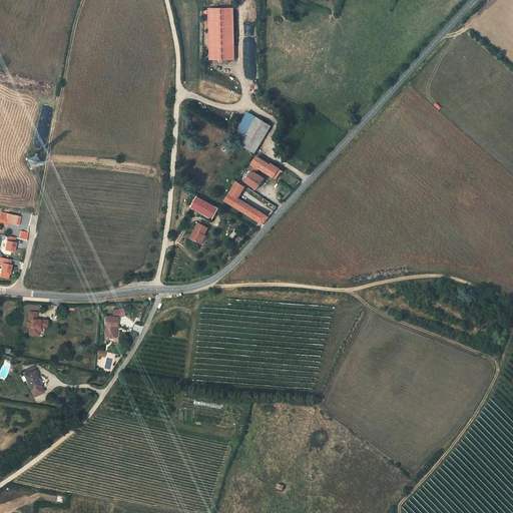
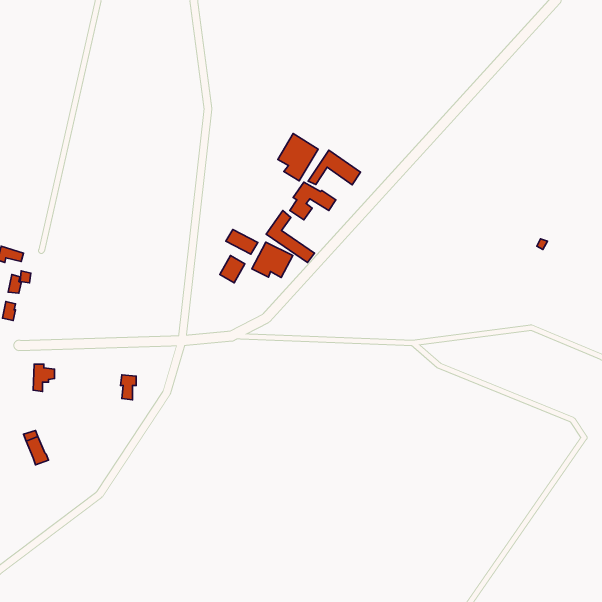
building: [206,9,233,61] -> none
building: none -> [308,150,361,185]
building: none -> [252,242,293,277]

